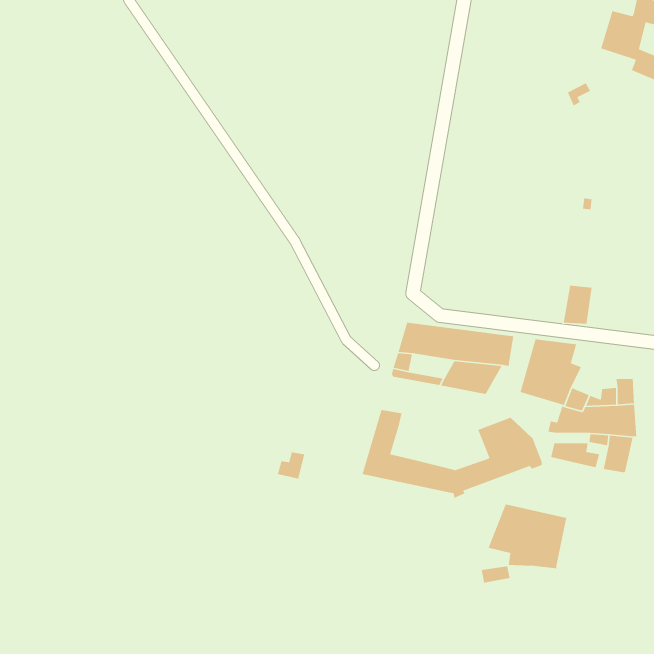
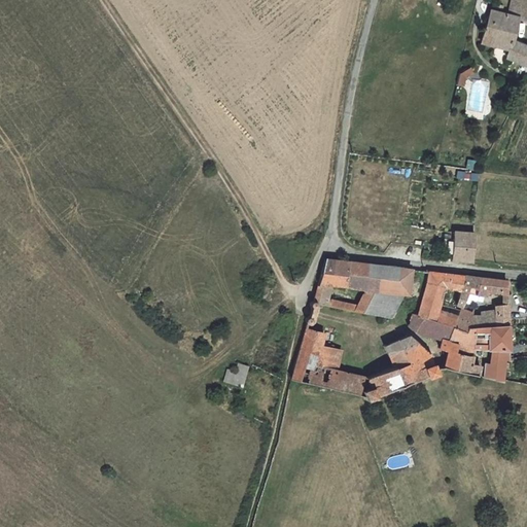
building: none -> [460,276,510,301]
building: none -> [408,313,452,339]
building: none -> [315,344,343,370]
building: [488,504,567,569] -> none

